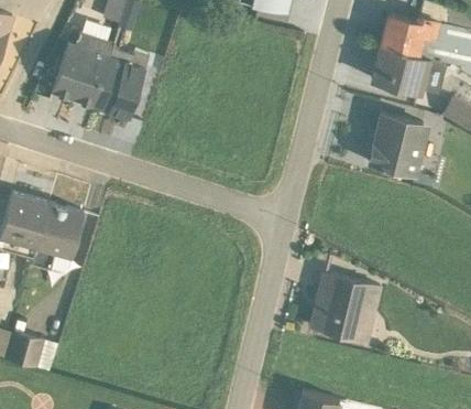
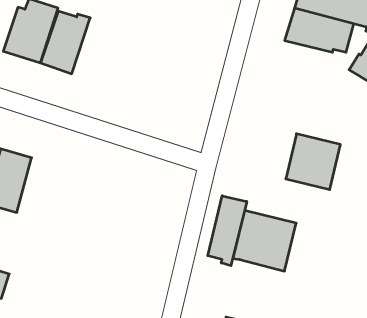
building: [368,112,429,175] -> [286,134,340,190]
building: none -> [208,196,247,266]

